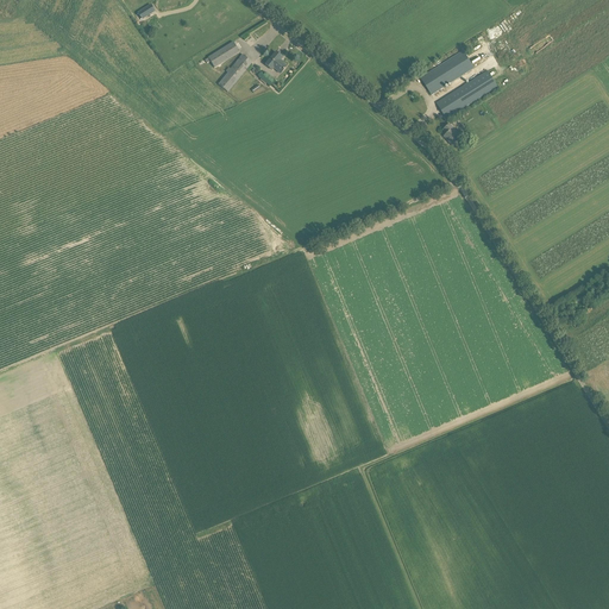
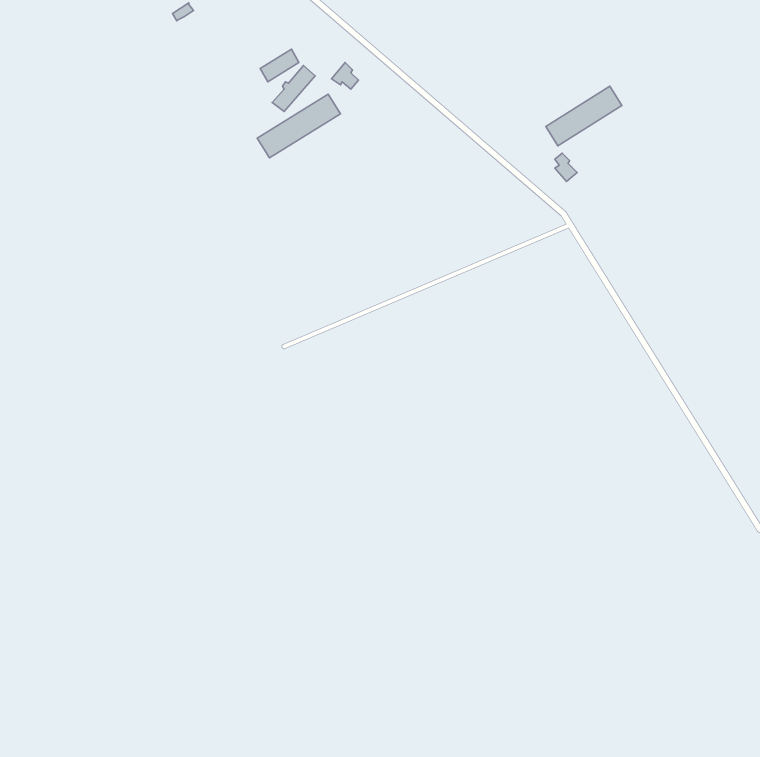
building: [420,49,473,93] -> none
building: none -> [257,94,341,158]

